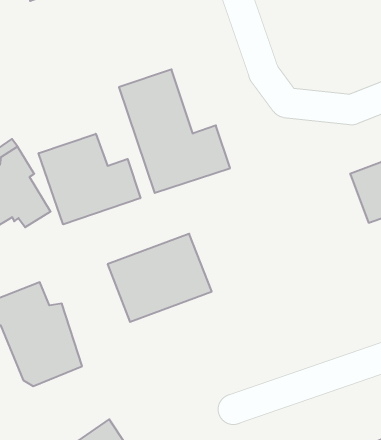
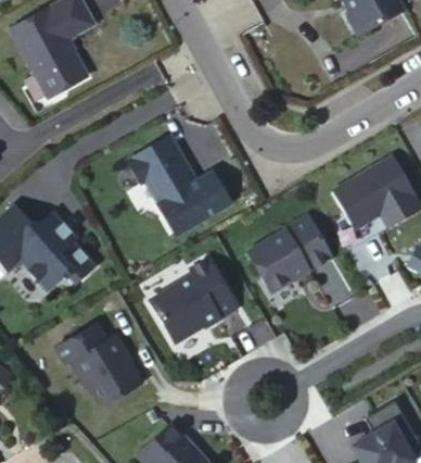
building: [39,134,140,224] -> none
building: none -> [247,217,331,292]

